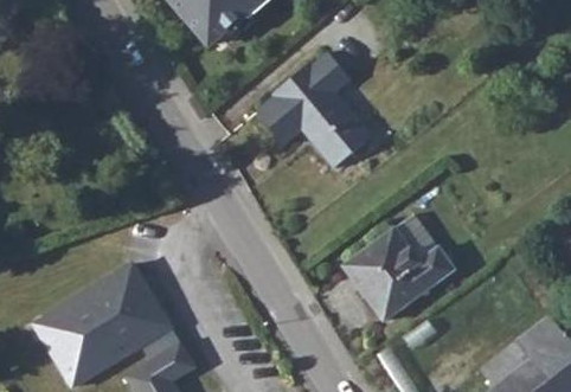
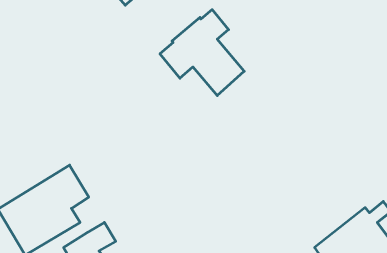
building: [342,214,453,322] -> none
building: [134,308,179,356] -> none

